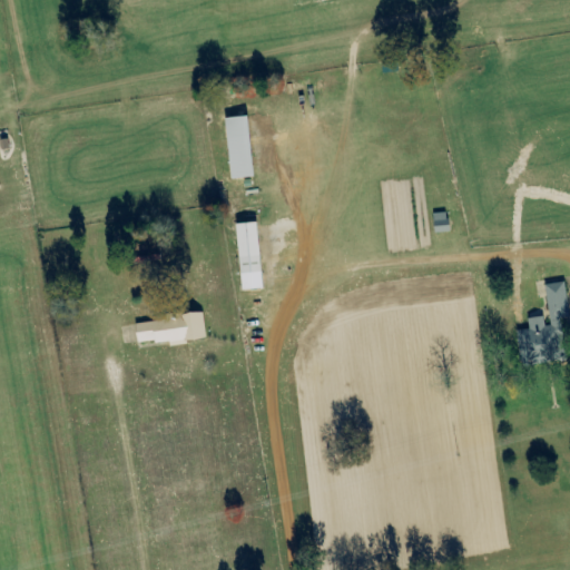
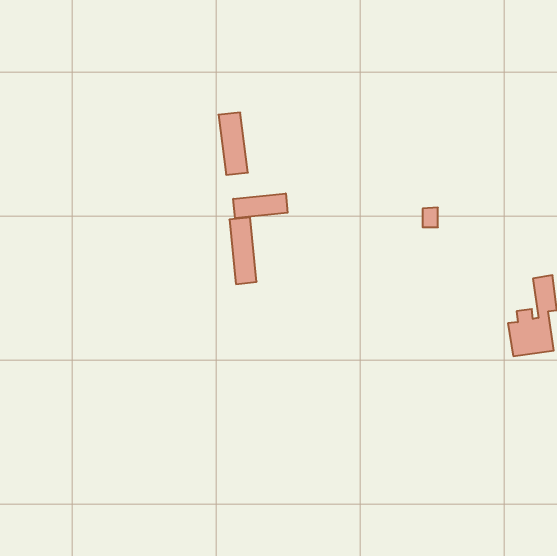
building: none -> [233,193,288,218]
building: [134,312,206,344] -> none

